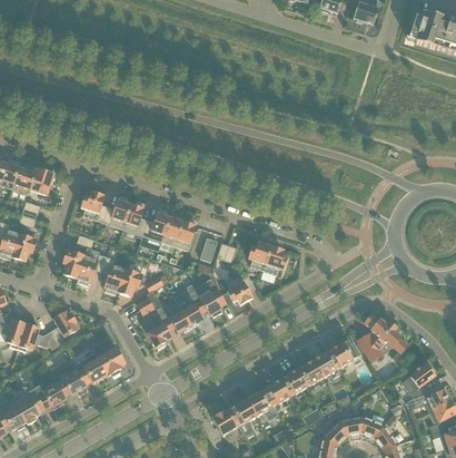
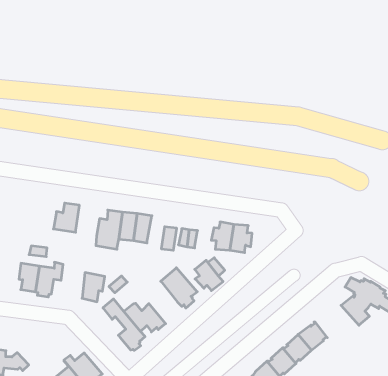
building: [80,192,108,223] -> none
building: [122,205,147,236] -> none
building: [101,257,125,295] -> none
building: [179,284,206,329] -> none
building: [49,312,77,345] -> none
building: [330,341,360,368] -> none

